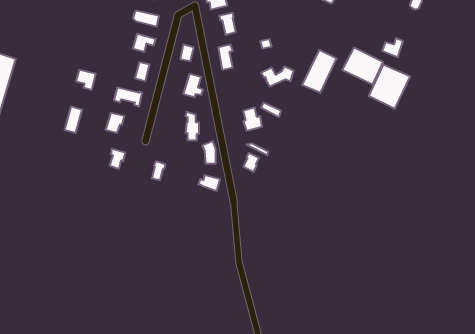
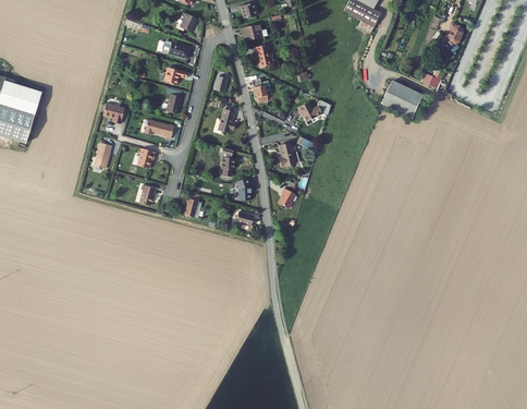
building: [302,50,337,93] -> none
building: [369,64,410,109] -> none

